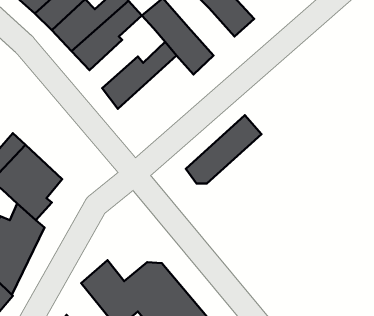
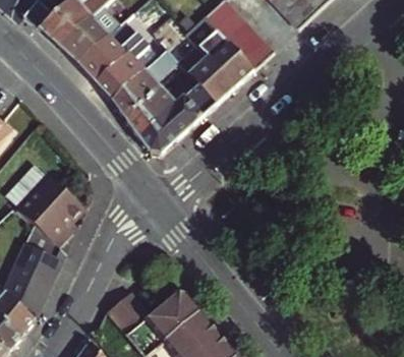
building: none -> [207,41,251,86]
building: none -> [111,48,173,118]
building: [186,115,261,183] -> [138,86,212,153]

